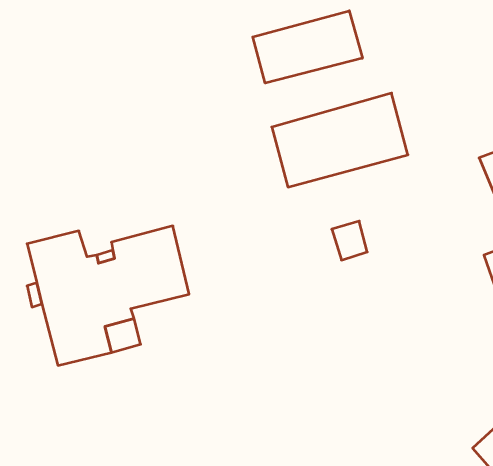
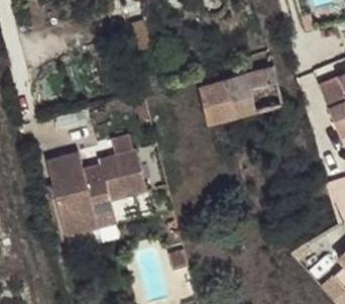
building: [253,11,362,83] -> none

